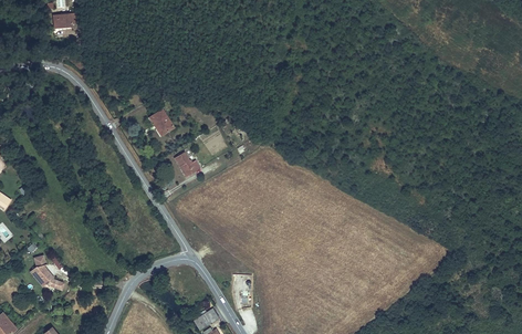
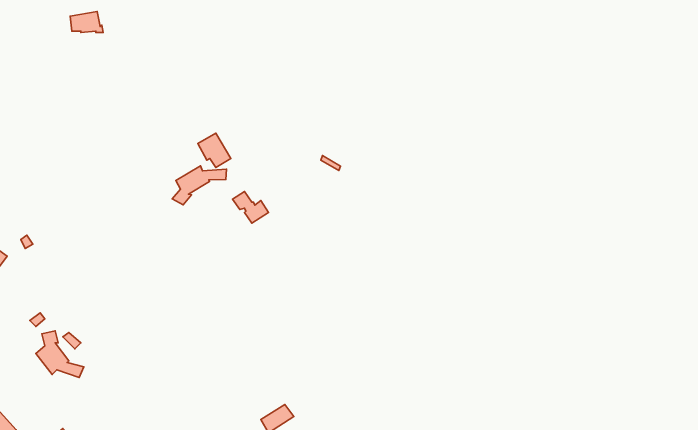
building: none -> [172,166,227,205]

